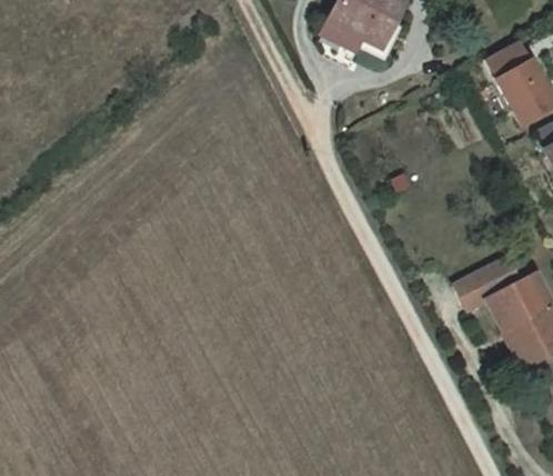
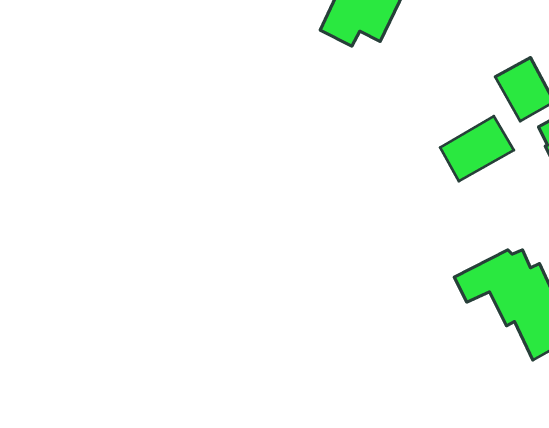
building: [485,43,531,83] -> none
building: none -> [440,116,514,181]

